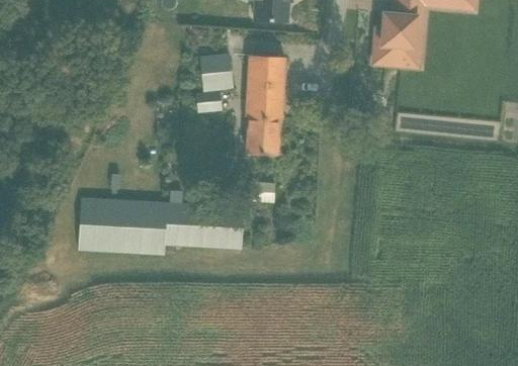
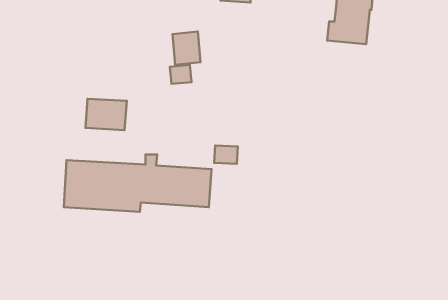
building: [247,56,285,155] -> none
building: none -> [85,99,127,130]

